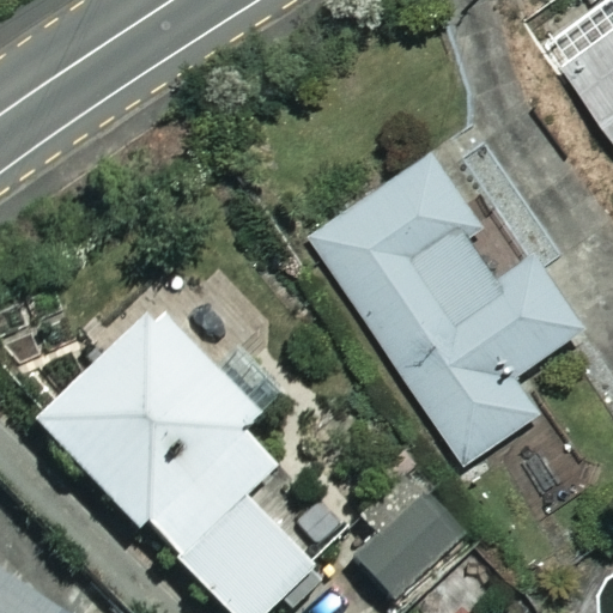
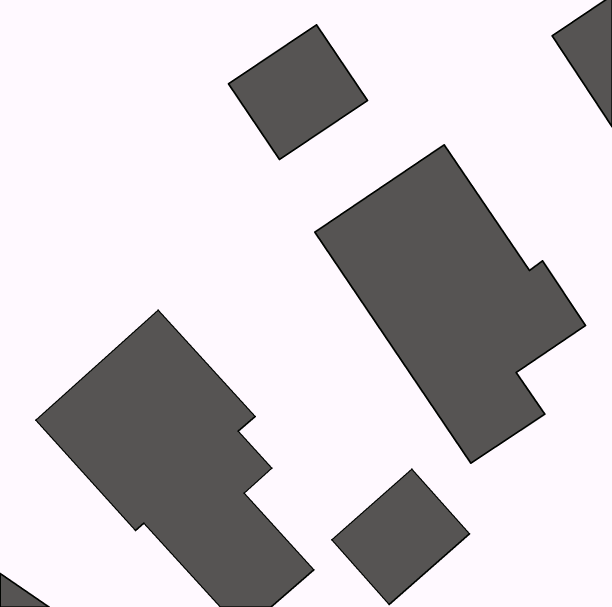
building: none -> [228,25,367,159]

